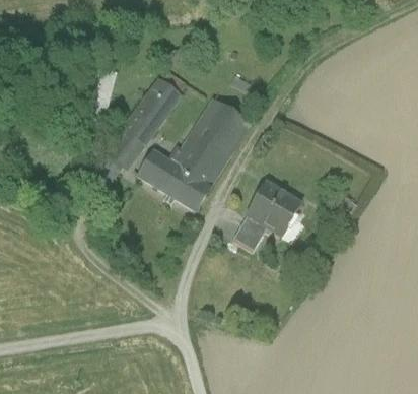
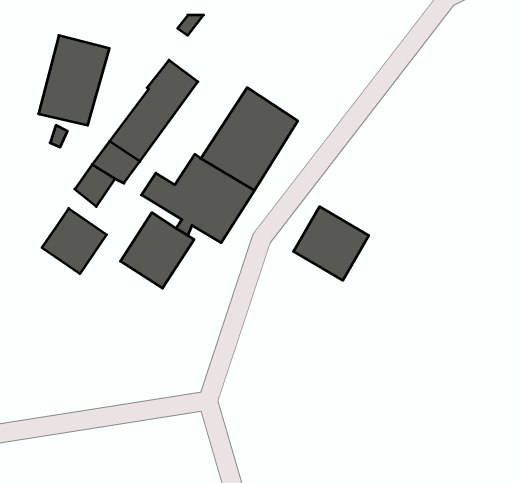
building: none -> [42,208,107,274]
building: none -> [120,213,194,288]
building: [234,213,267,248] -> none

